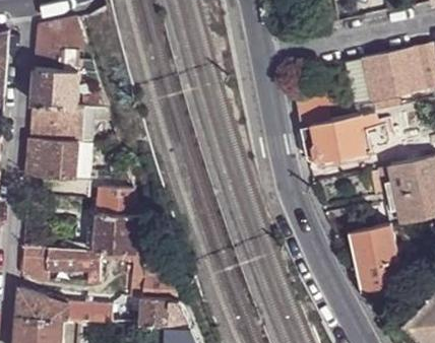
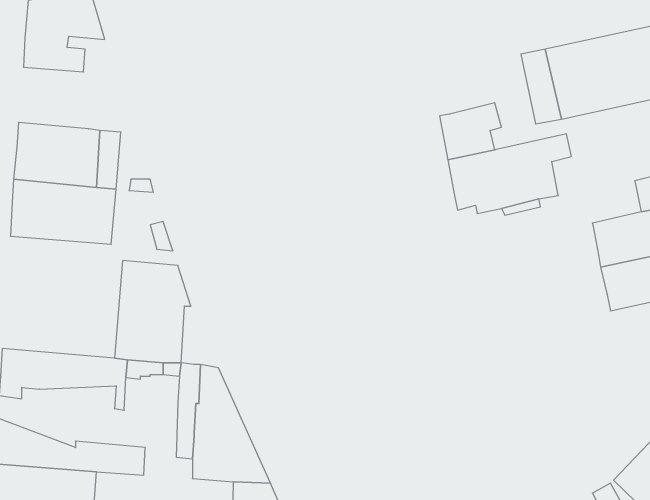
building: [32,69,78,108] -> none
building: [349,224,397,291] -> none

